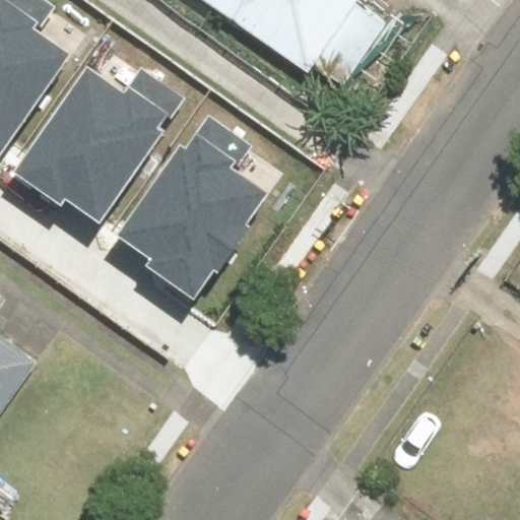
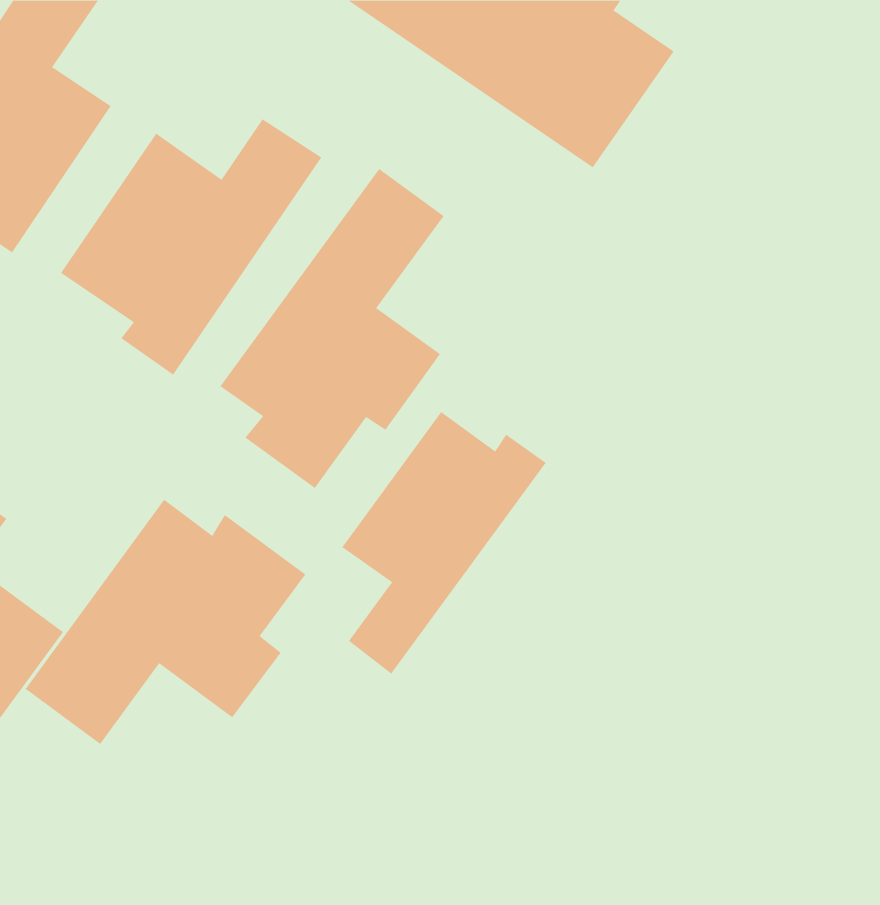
building: none -> [341,411,546,675]
building: none -> [25,499,306,745]

